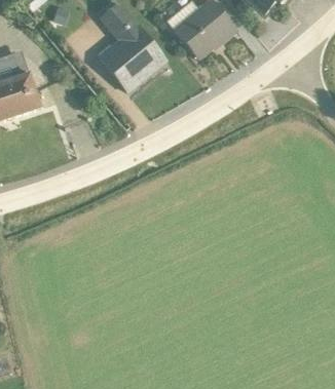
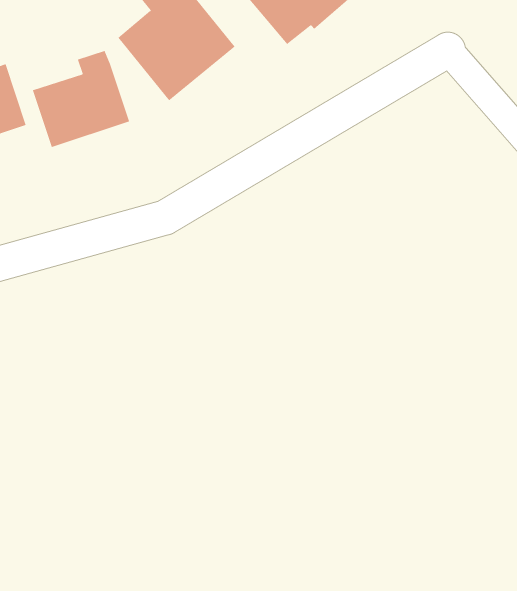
building: none -> [32,50,130,148]

